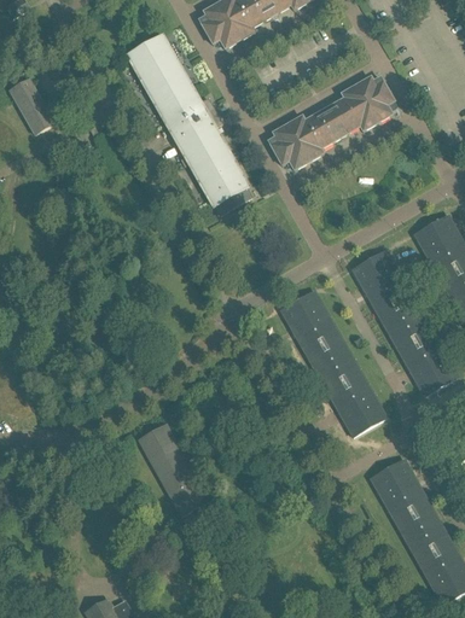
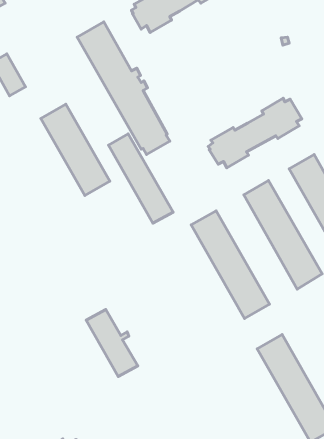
building: [268,75,395,169] -> [208,98,302,168]
building: none -> [41,104,110,195]
building: none -> [108,134,173,223]

